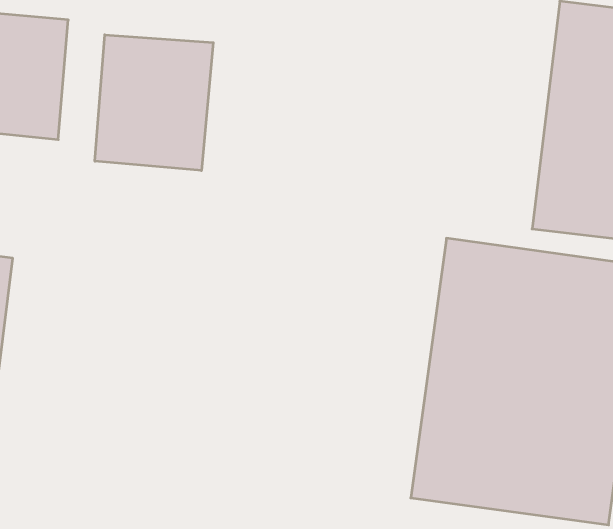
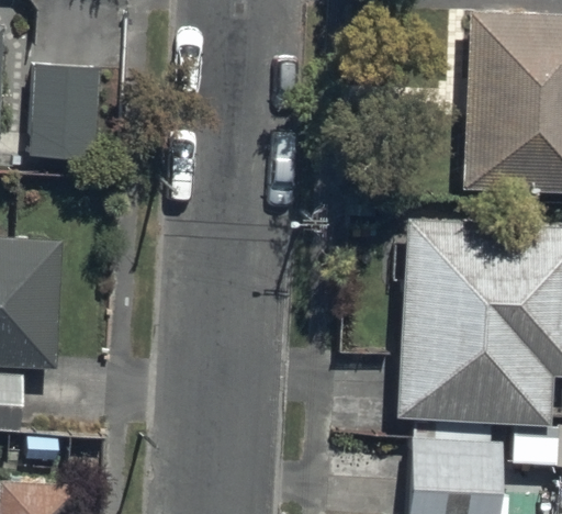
building: [95,35,213,171] -> none

